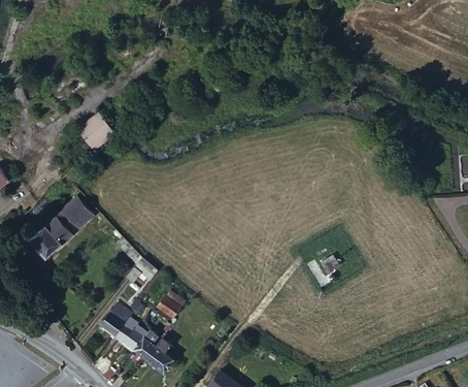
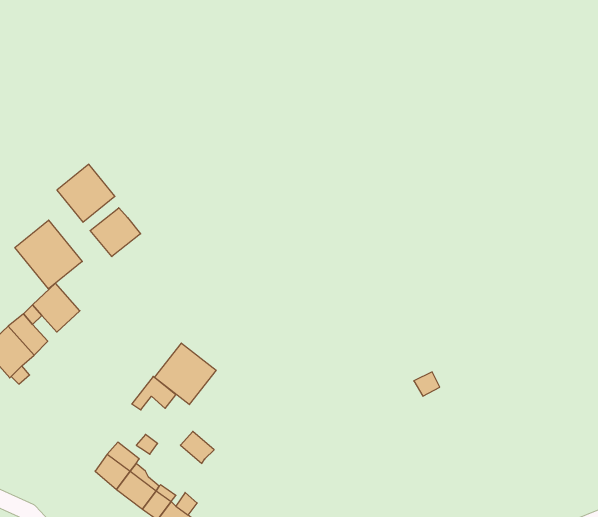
building: none -> [90,208,141,257]
building: none -> [15,220,82,289]
building: none -> [155,343,216,405]

